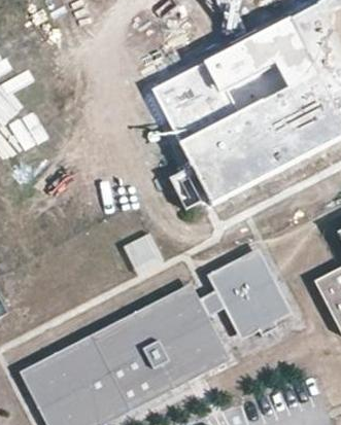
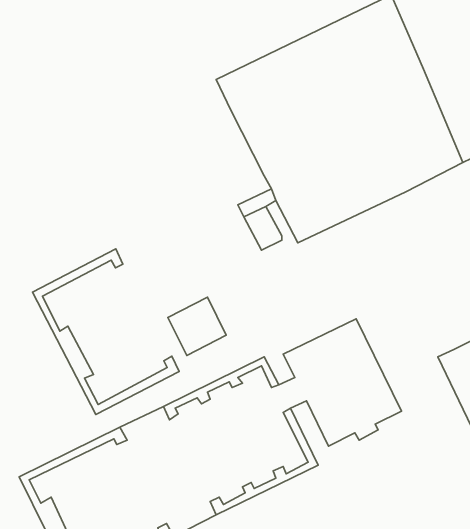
building: none -> [32,249,179,415]

